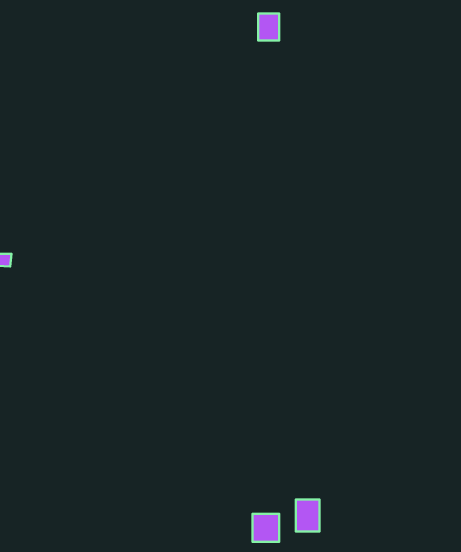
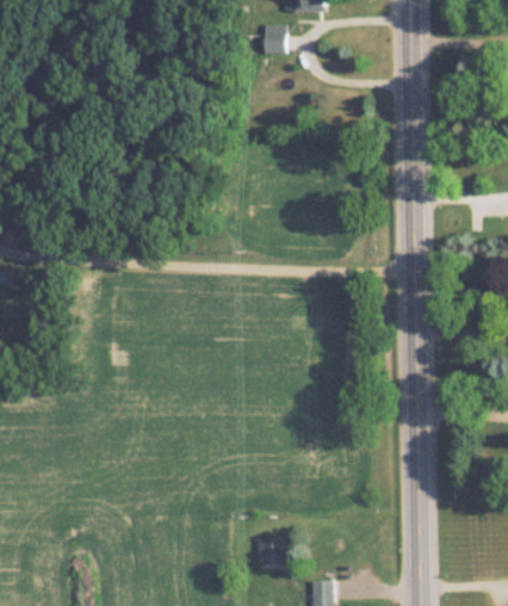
building: [296,499,319,532] -> none

